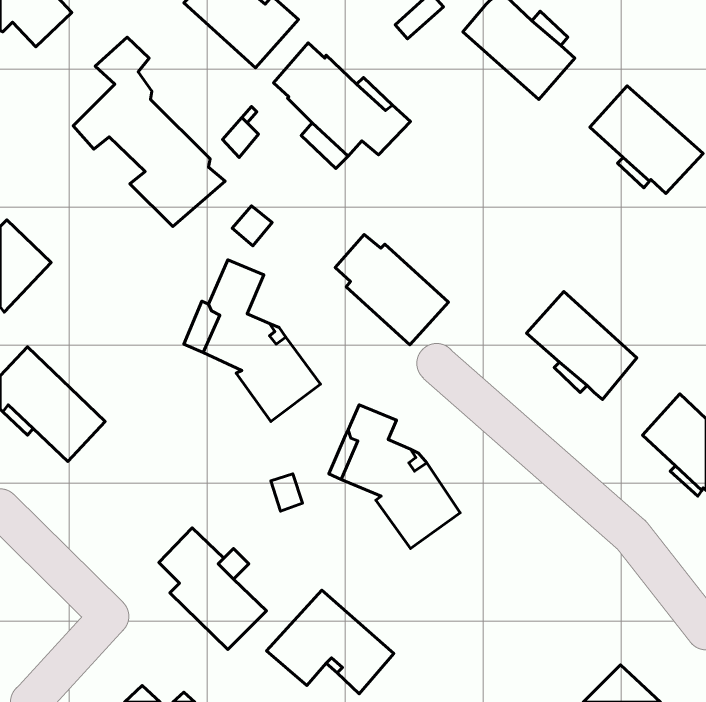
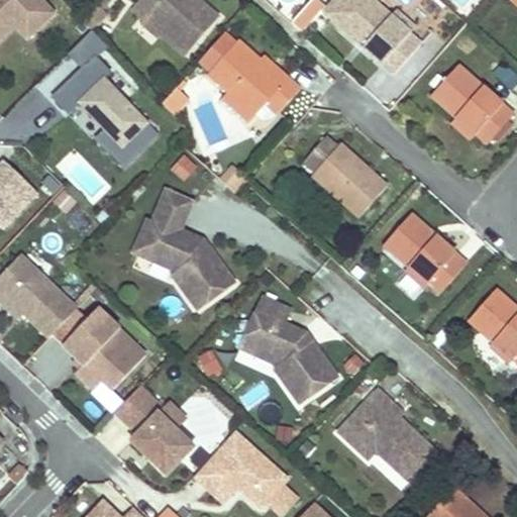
building: [335,234,448,345] -> [304,134,387,215]
building: none -> [64,308,146,390]
building: none -> [339,389,435,479]

